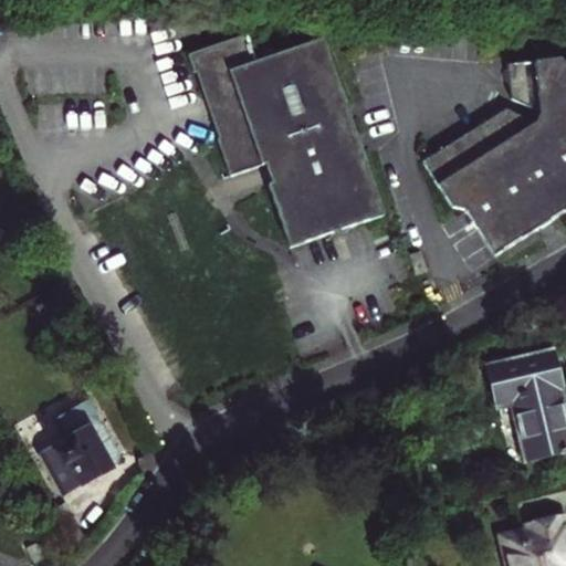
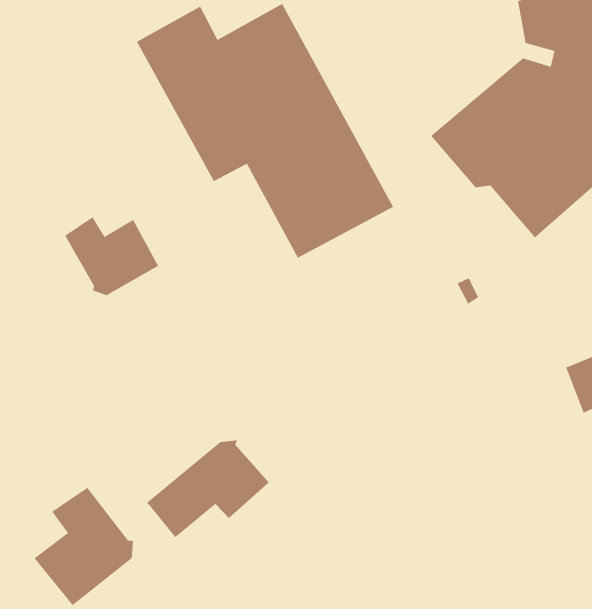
building: none -> [64,216,159,296]
building: none -> [146,439,269,538]

